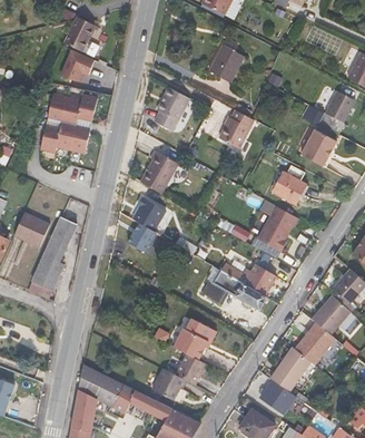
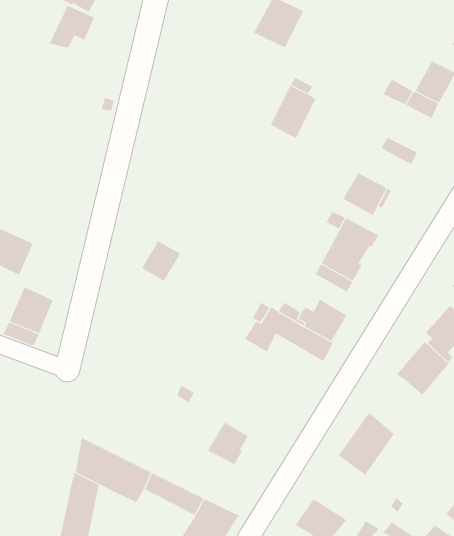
building: [155,86,190,129] -> none
building: [38,94,98,153] -> none
building: [305,128,337,157] -> none
building: [140,149,179,193] -> none
building: [131,195,165,228] -> none
building: [42,216,76,262] -> none
building: [174,317,217,359] -> none
building: [294,321,335,363] -> none
building: [151,367,186,399] -> none
building: [260,379,295,412] -> none

